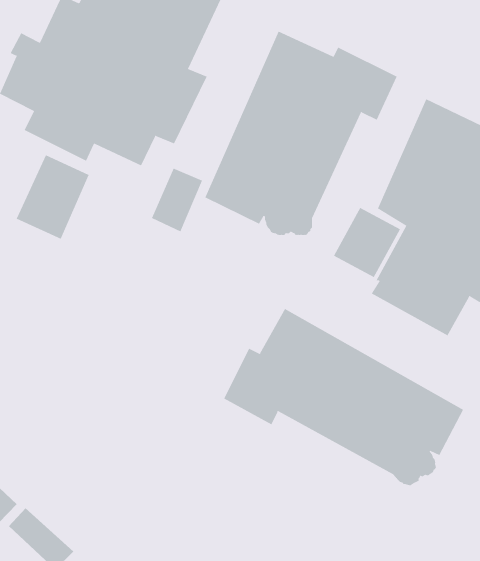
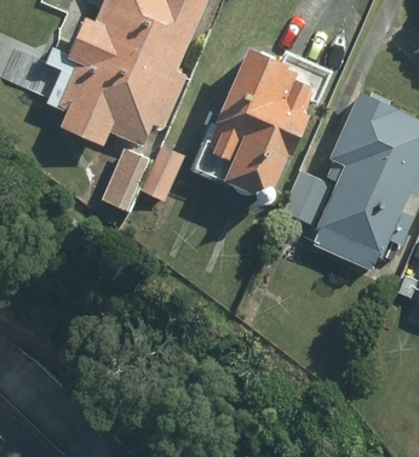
building: [16,155,90,239] -> [96,148,153,213]
building: [223,308,464,486] -> none

